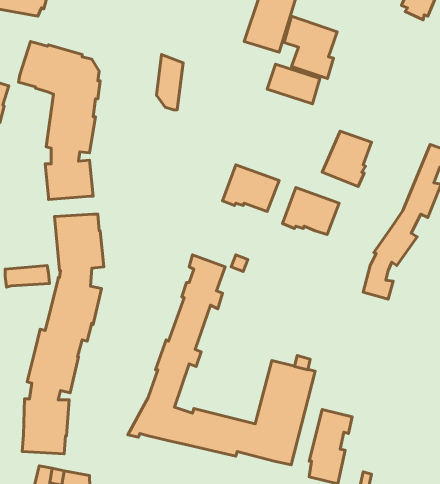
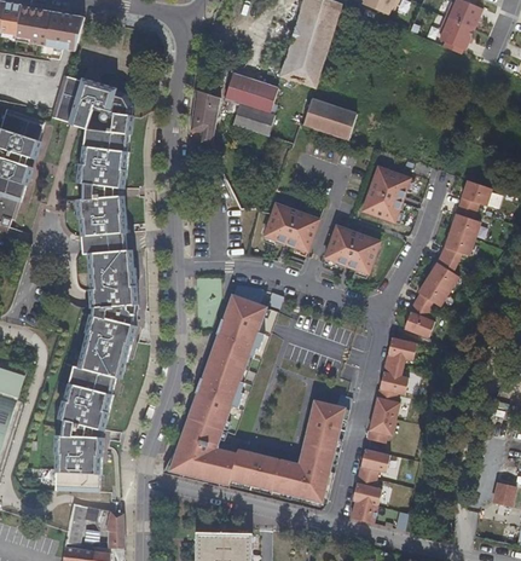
building: [284,16,337,78] -> [226,73,279,135]
building: [5,266,50,287] -> [83,232,128,254]
building: none -> [361,335,415,444]

